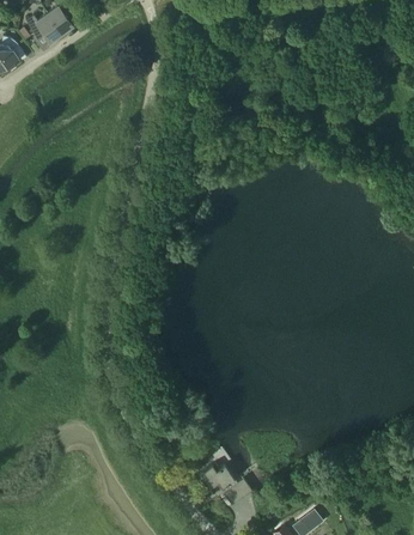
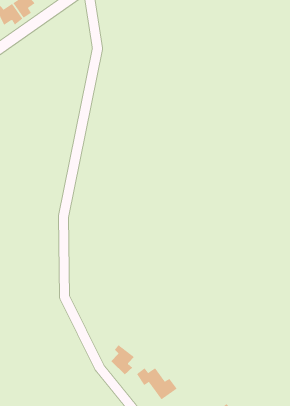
building: none -> [110,344,135,375]

